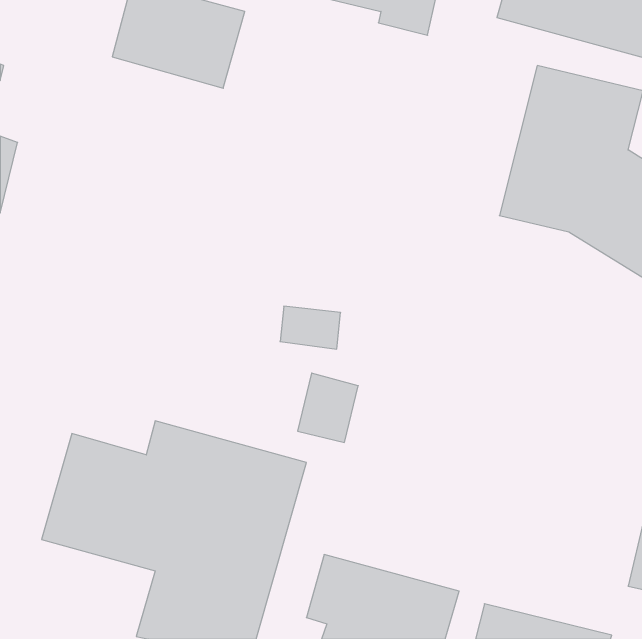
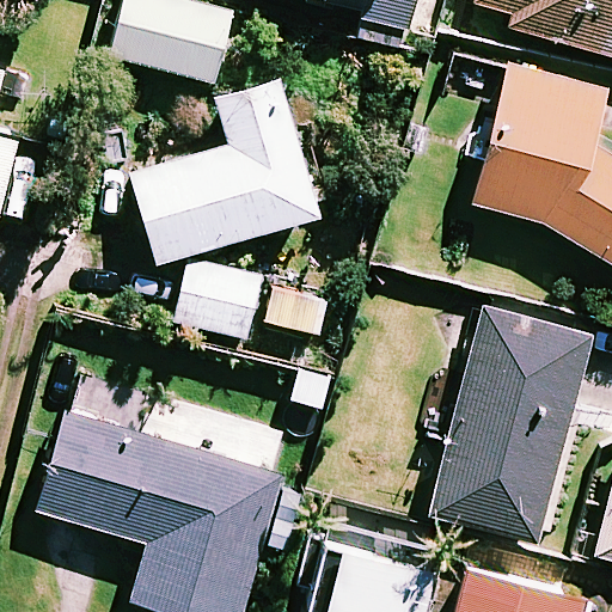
building: none -> [130,81,318,263]
building: none -> [177,261,261,336]
building: none -> [433,312,589,543]

